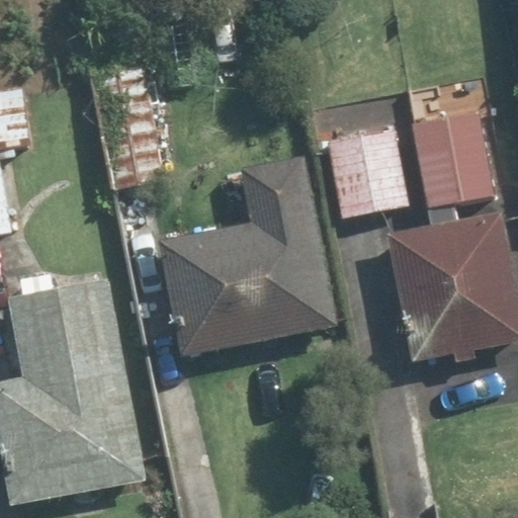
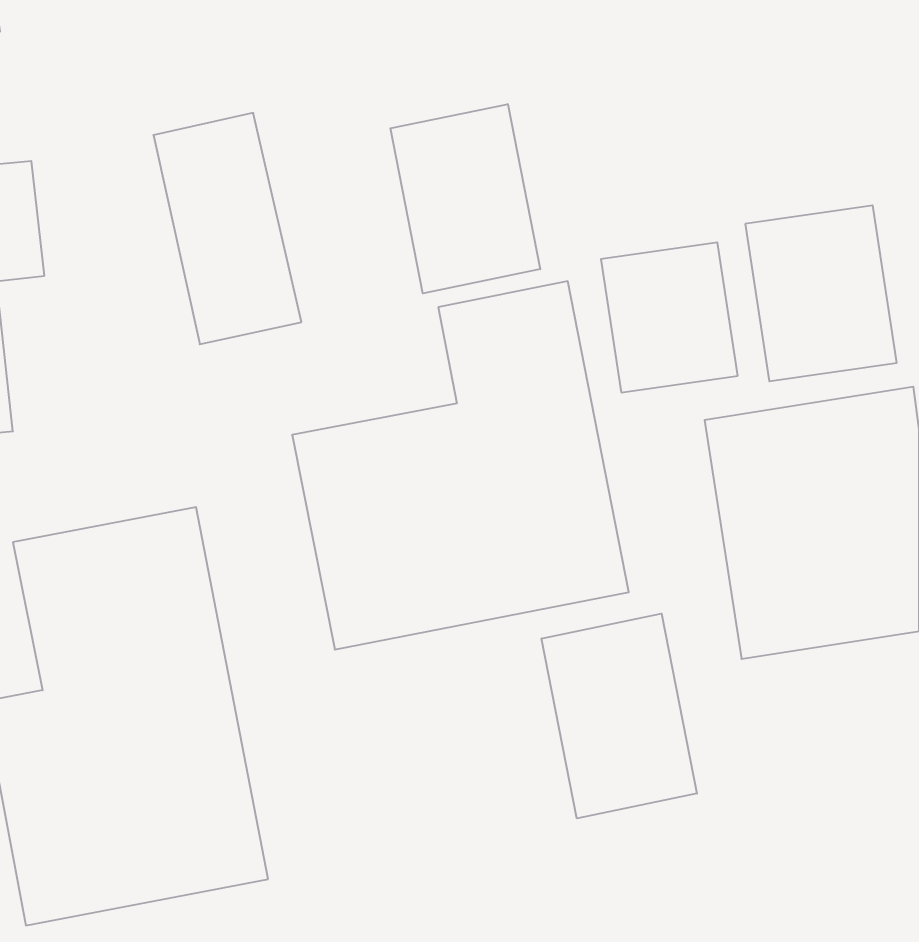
building: none -> [390,104,540,293]
building: none -> [542,614,697,818]

